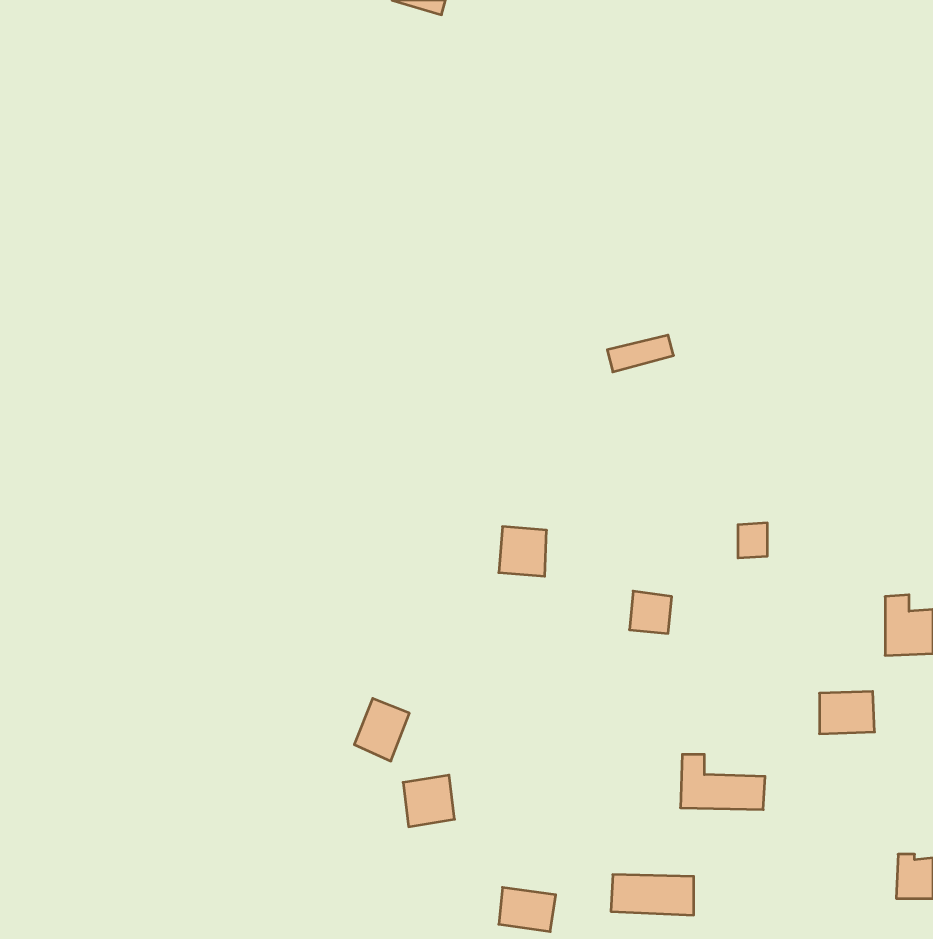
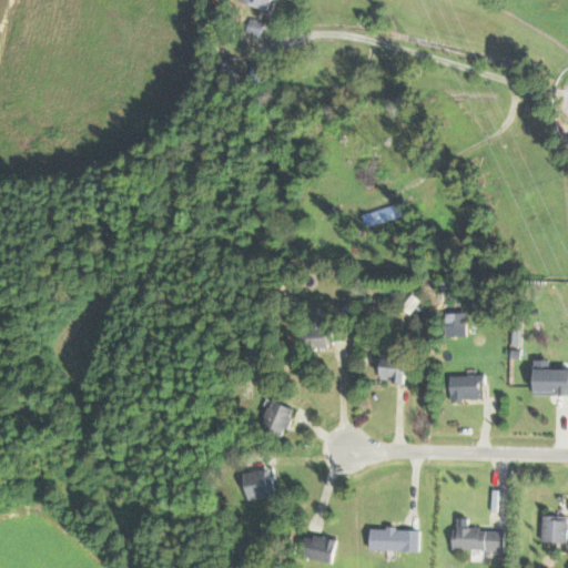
building: [819,691,875,734] -> [449,375,483,400]
building: [354,698,409,761] -> [260,400,293,438]
building: [680,754,765,810] -> [453,518,504,551]

